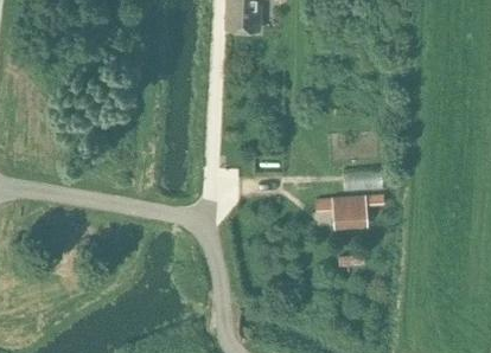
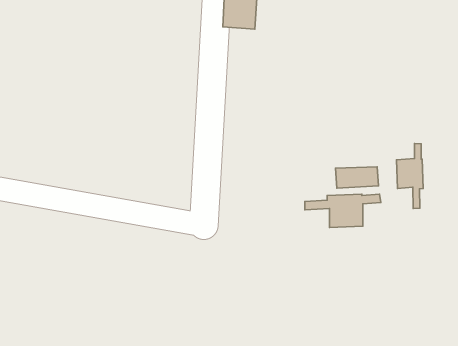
building: none -> [396,143,423,209]

